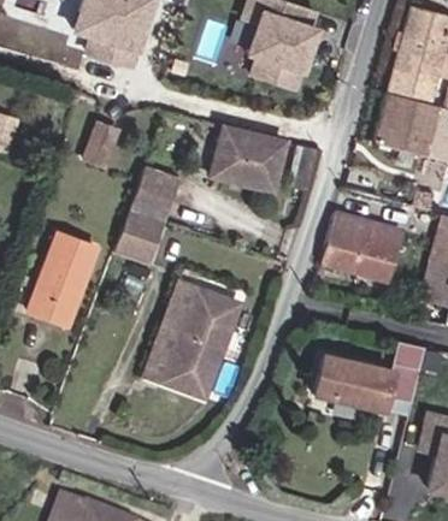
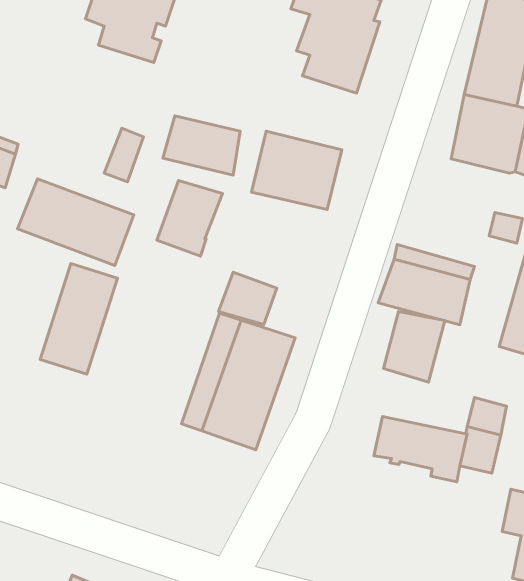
building: none -> [163,116,240,175]
building: none -> [17,179,134,266]
building: [120,212,169,255] -> [219,272,277,325]
building: none -> [383,312,445,382]

